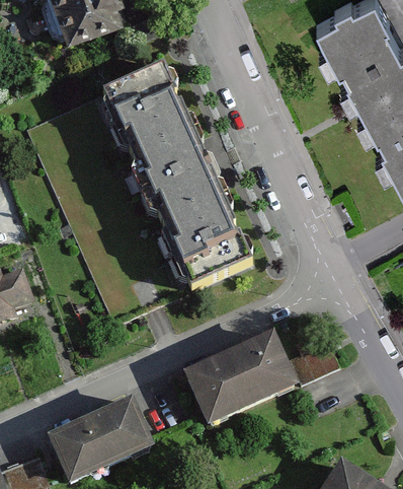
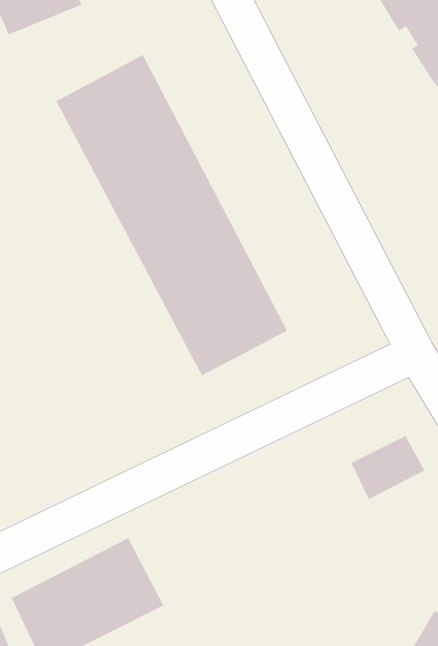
building: [182,333,298,428] -> none

